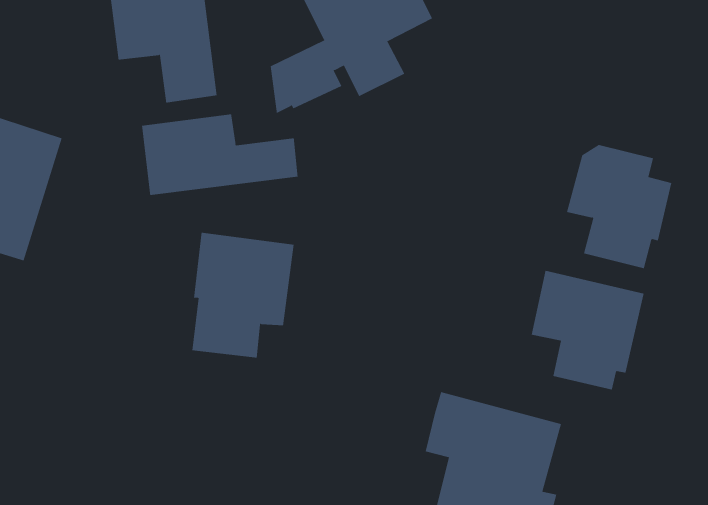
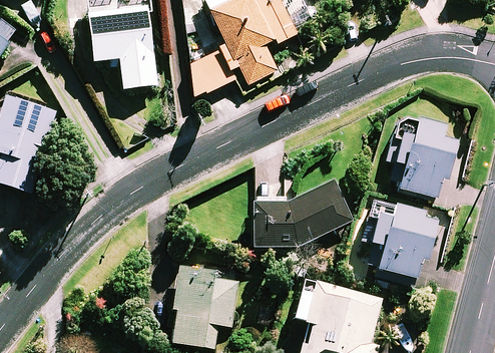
building: [141,114,298,196] -> none
building: [192,232,294,358] -> [171,264,238,346]
building: none -> [252,179,354,245]

